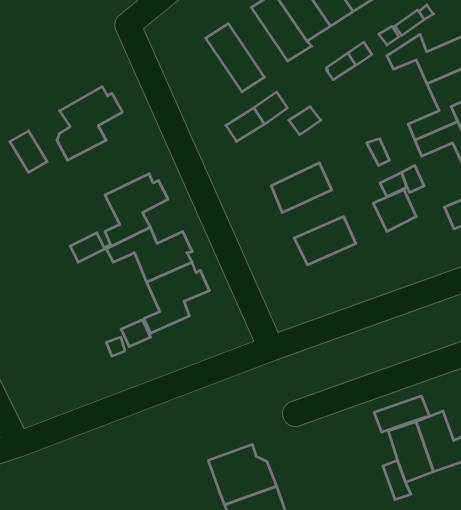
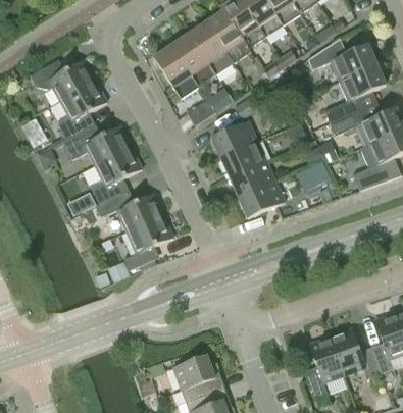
building: none -> [188,21,233,74]
building: none -> [153,45,198,98]
building: none -> [30,58,92,100]
building: none -> [210,119,257,157]
building: none -> [61,122,128,164]
building: none -> [229,160,275,197]
building: [374,396,429,432] -> none

